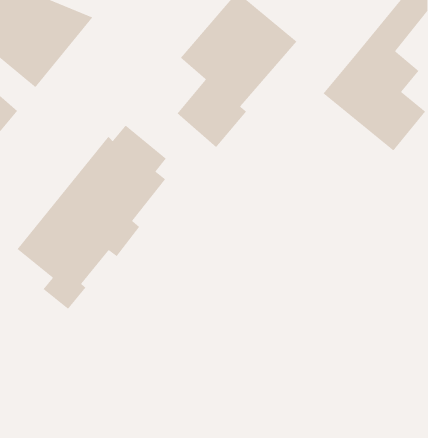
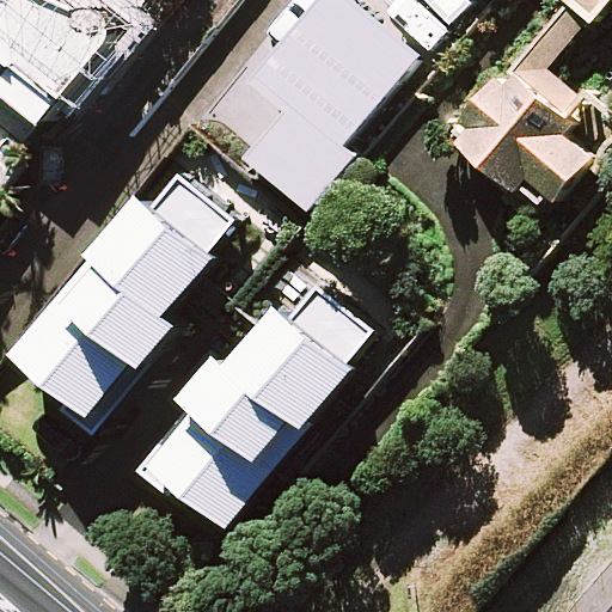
building: none -> [140,274,373,516]

